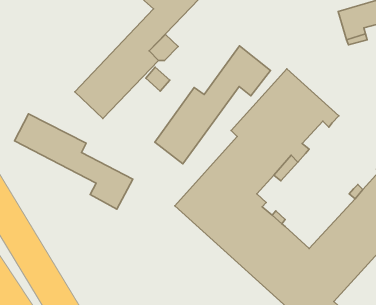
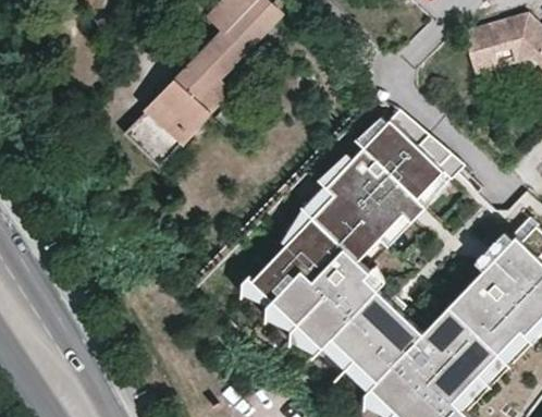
building: [155,46,270,164] -> none
building: [15,114,133,209] -> none

